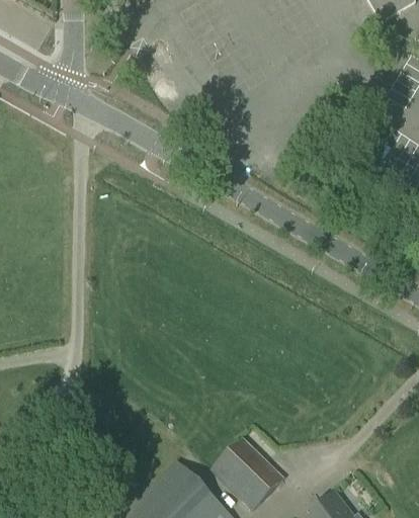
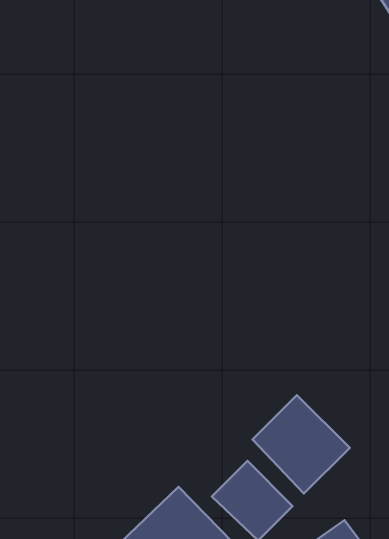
building: none -> [253,395,350,494]

